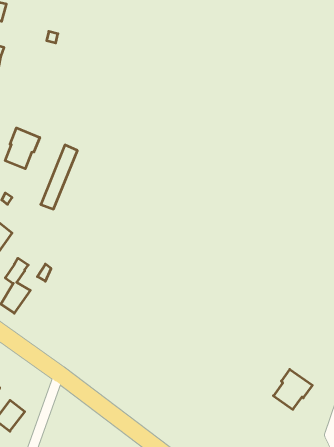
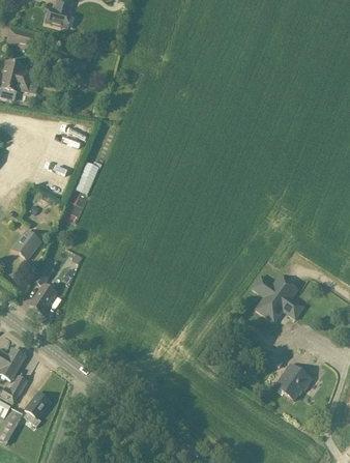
building: [5,128,40,169] -> none
building: none -> [252,274,304,321]

